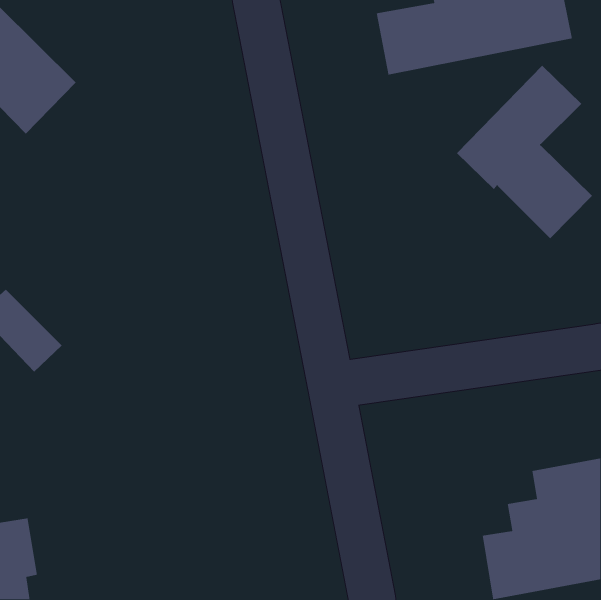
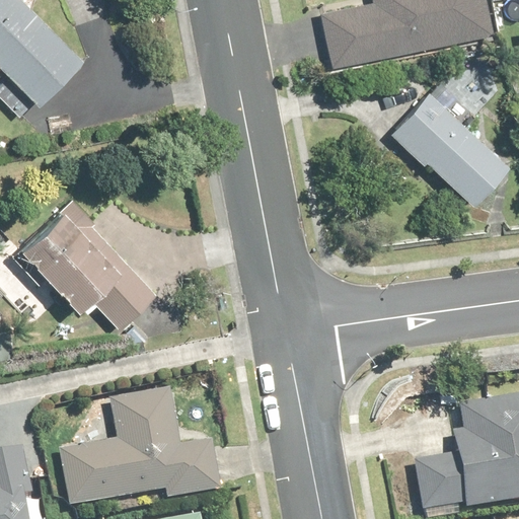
building: none -> [23,203,153,324]
building: none -> [62,388,221,505]

